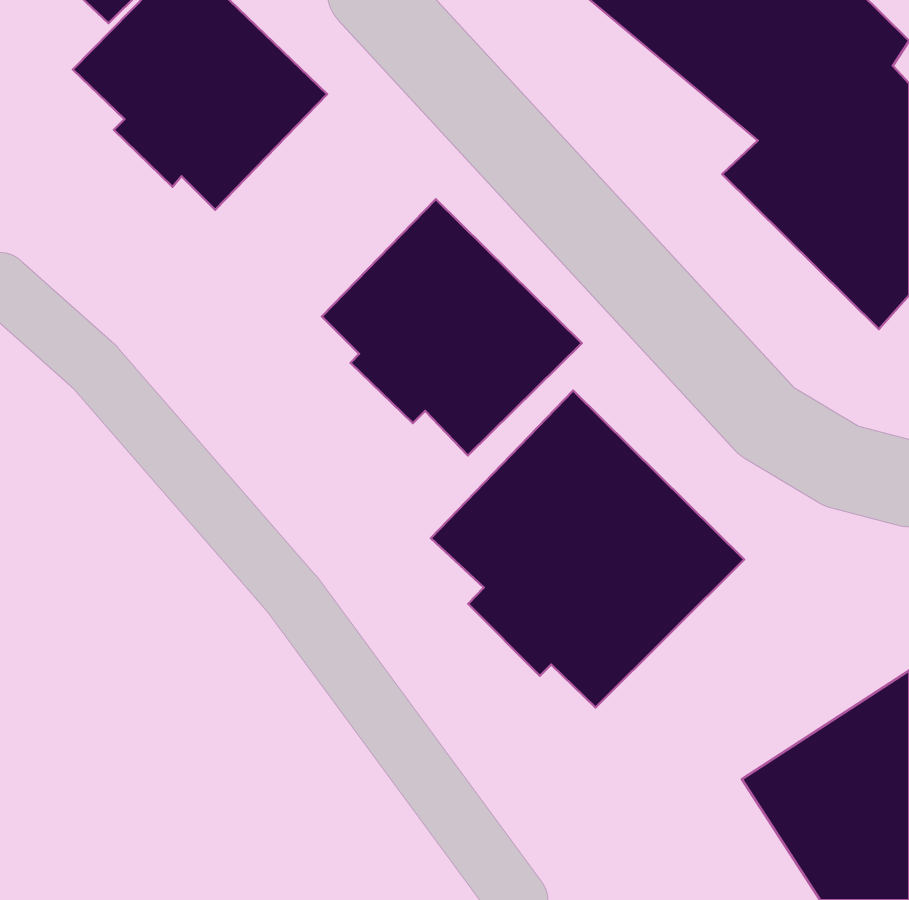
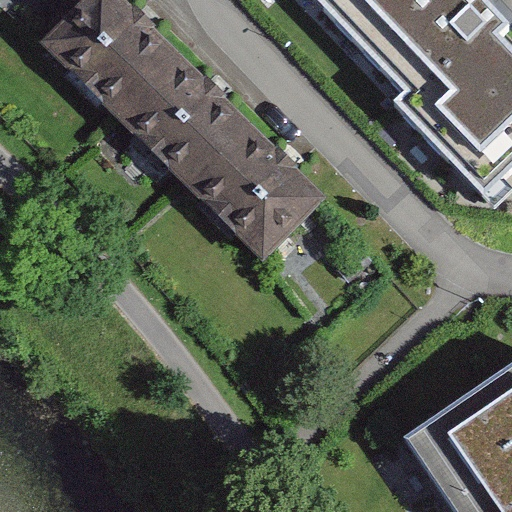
building: none -> [121,53,245,178]
building: [431,391,744,708] -> none

